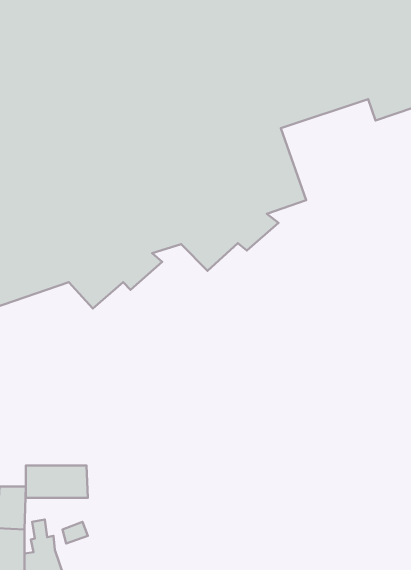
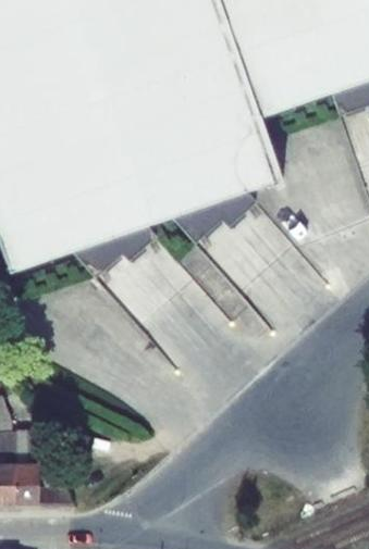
building: [26,465,88,498] -> none

